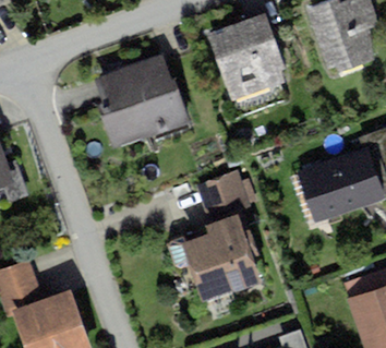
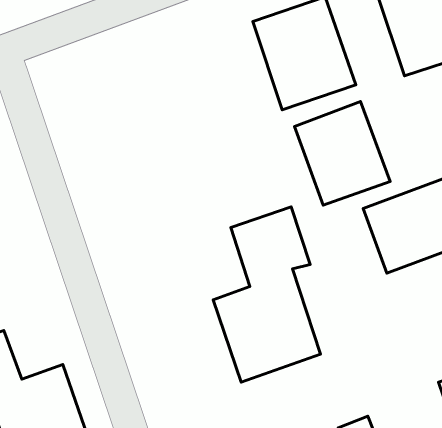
building: [93,63,188,147] -> none
building: none -> [294,101,390,205]

